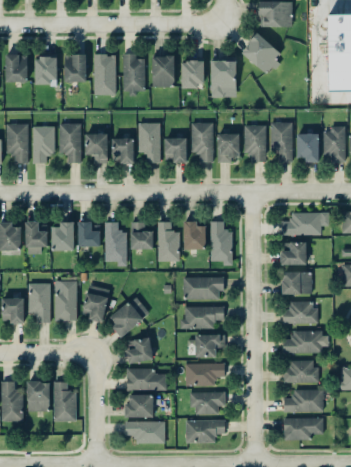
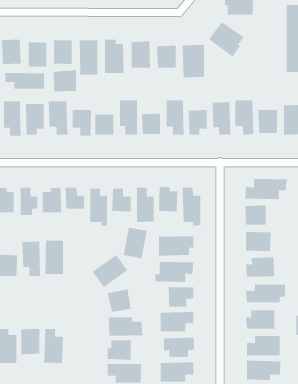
building: none -> [53,70,77,92]
building: none -> [5,72,44,89]
building: [81,284,109,320] -> [123,227,148,259]

